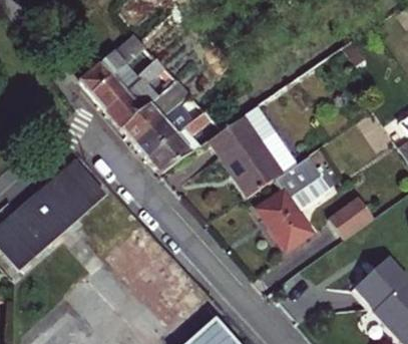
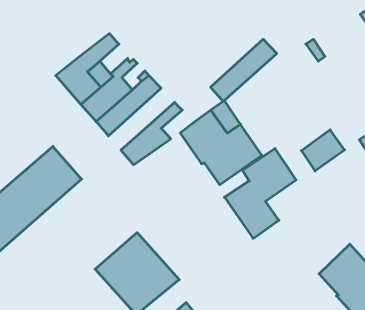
building: [134,93,203,158] -> [211,39,277,101]
building: [329,197,374,240] -> [301,130,345,171]

